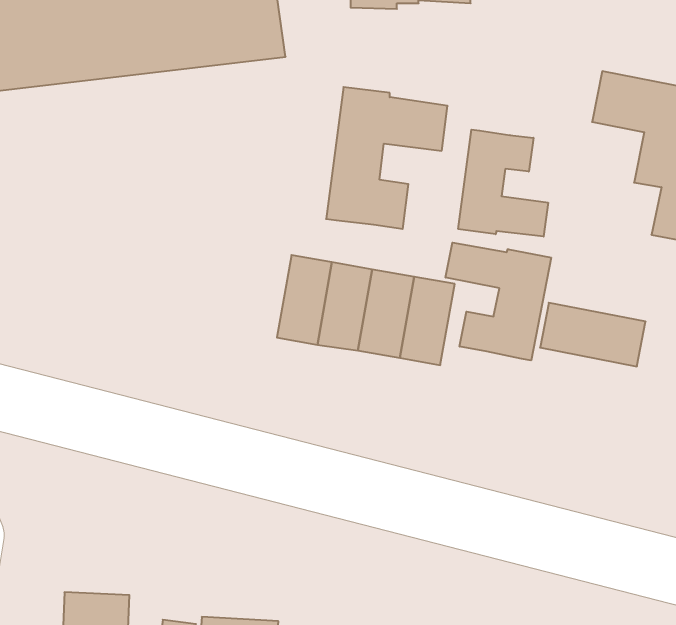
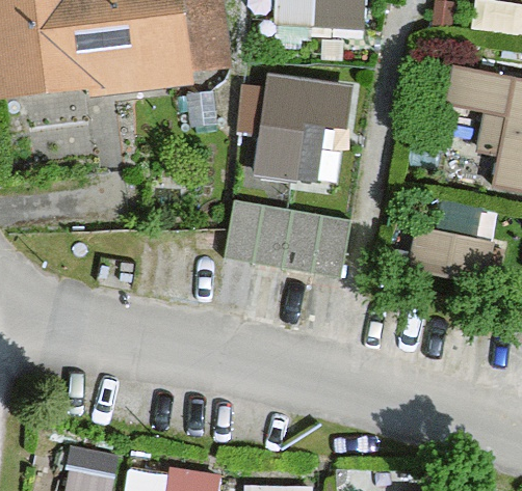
building: [458,130,548,237] -> none
building: [446,243,551,360] -> none

